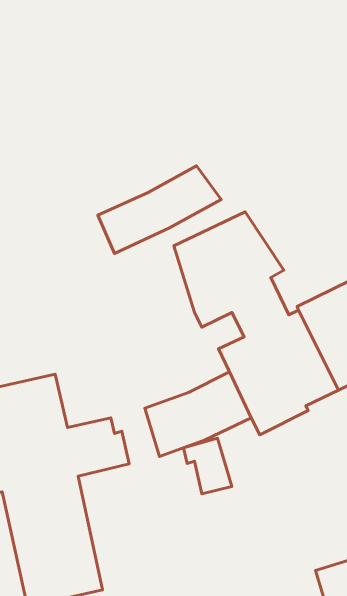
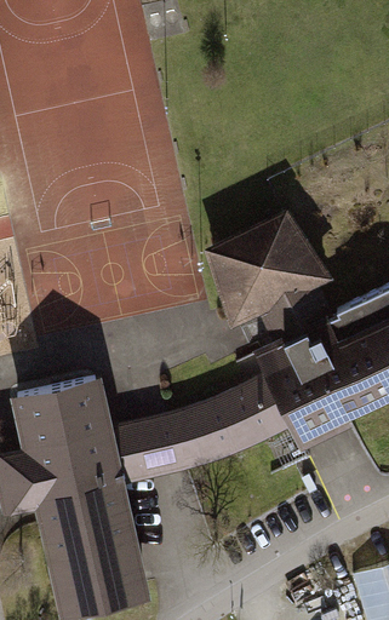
building: [98,166,221,254] -> none
building: [184,438,232,494] -> [149,414,198,470]

